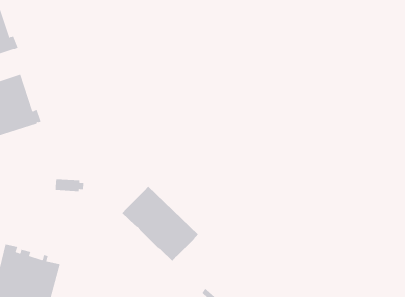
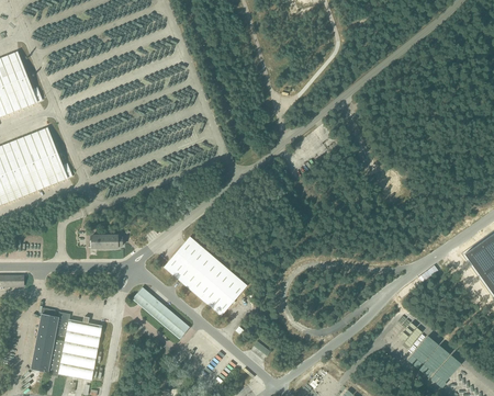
building: none -> [132,287,190,339]

